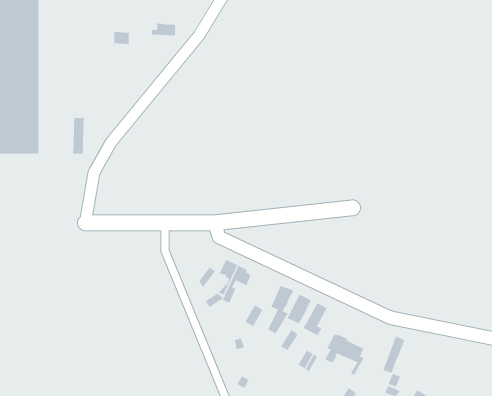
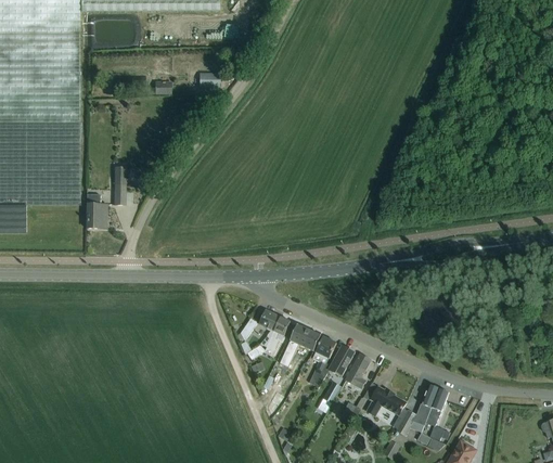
building: none -> [85,192,105,227]
building: none -> [281,323,321,361]
building: none -> [396,383,438,434]

